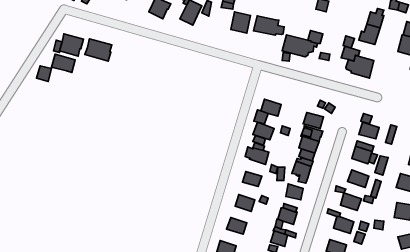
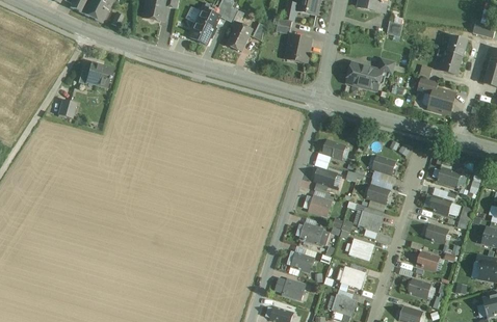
building: [254,16,284,35] -> none
building: [85,39,112,61] -> none
building: [52,54,75,72] -> none

